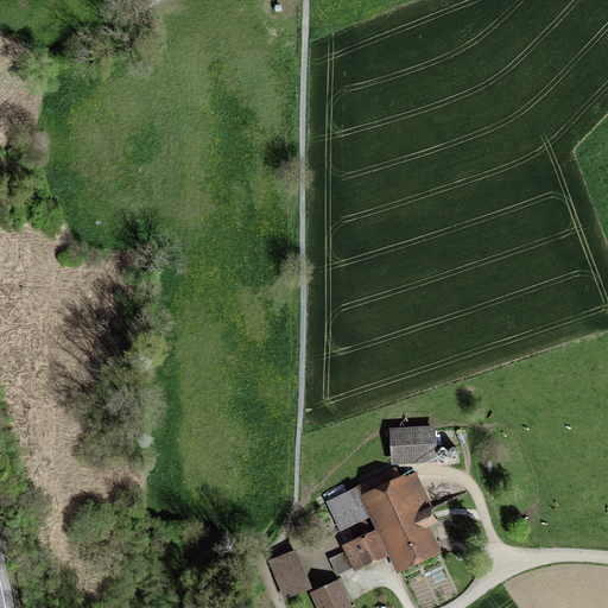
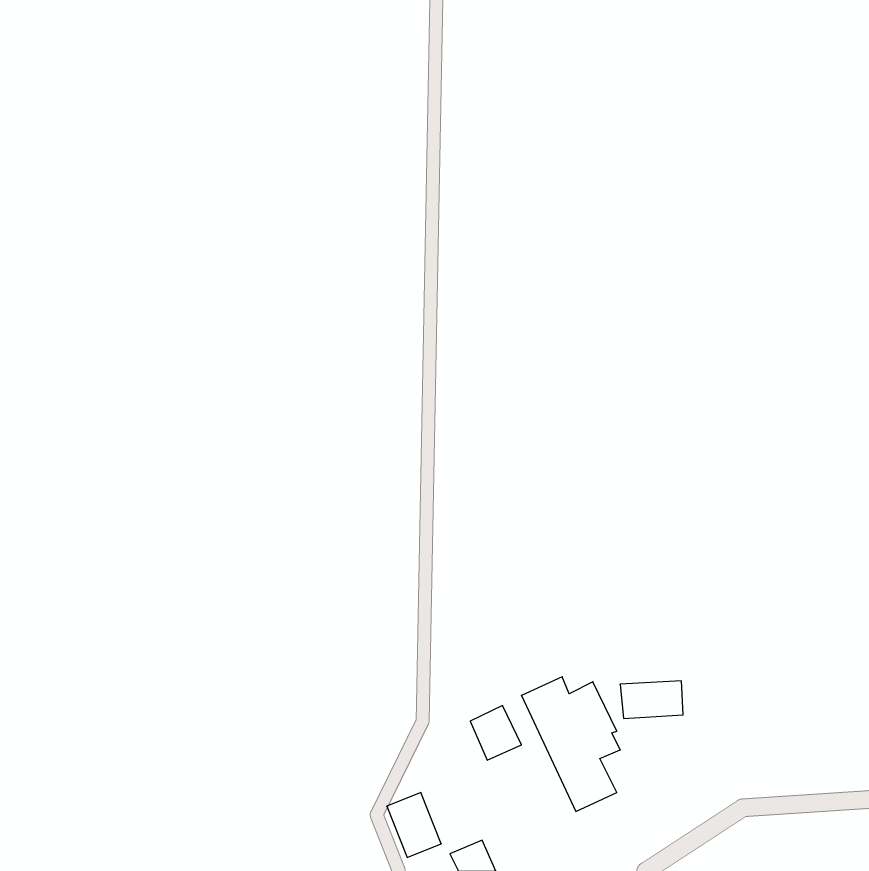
building: [390,430,433,456] -> [620,681,683,718]
building: [329,536,380,575] -> none

